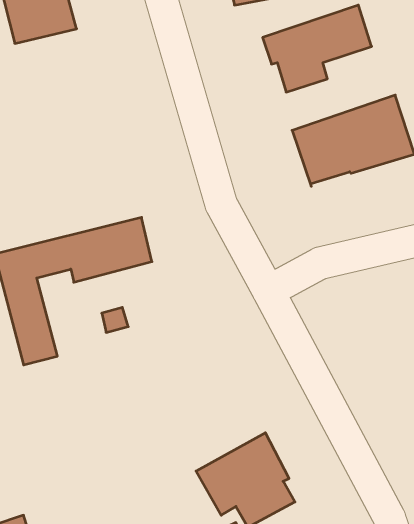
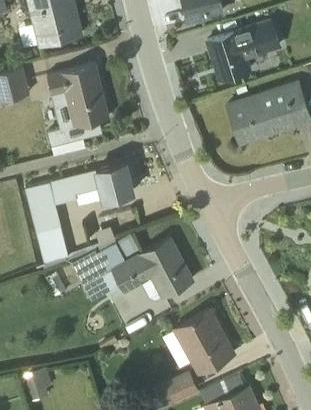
building: none -> [46,65,107,147]
building: none -> [71,237,188,303]

